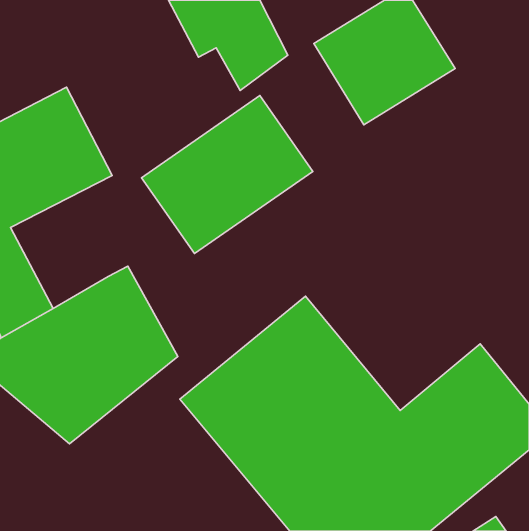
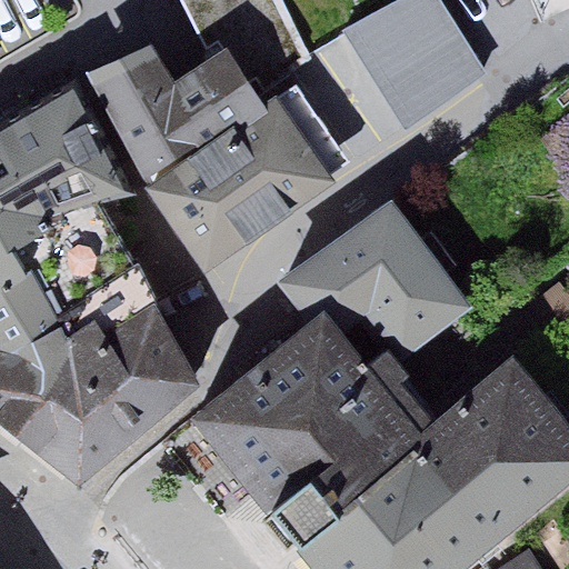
building: none -> [98,41,263,170]
building: none -> [262,188,477,359]

